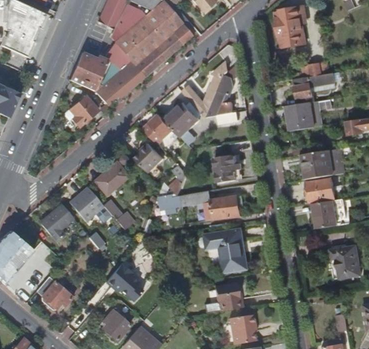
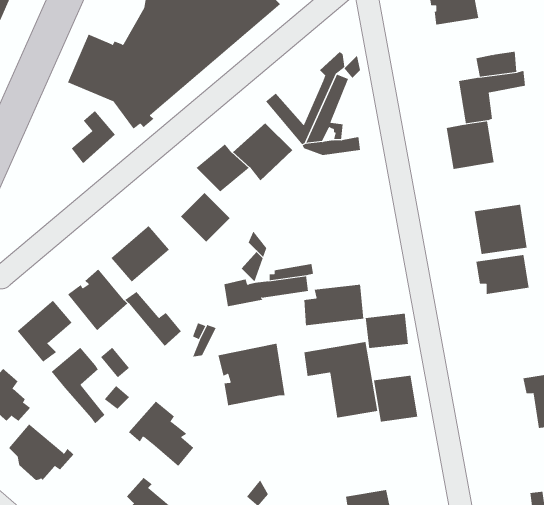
building: [215,155,242,182] -> none
building: [314,200,338,228] -> none
building: none -> [365,313,409,349]
building: none -> [218,343,285,406]
building: none -> [51,347,105,424]
building: [216,283,242,310] -> [373,375,418,422]

